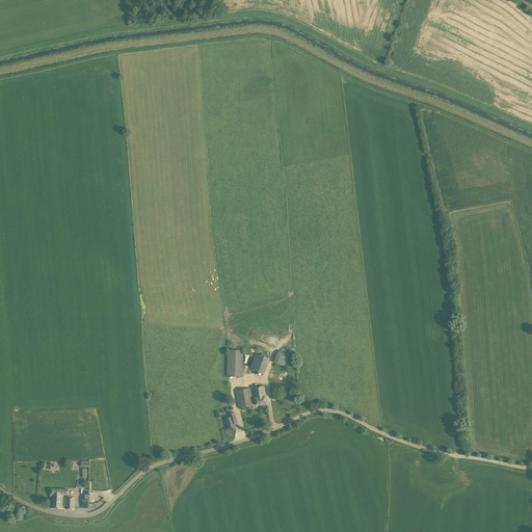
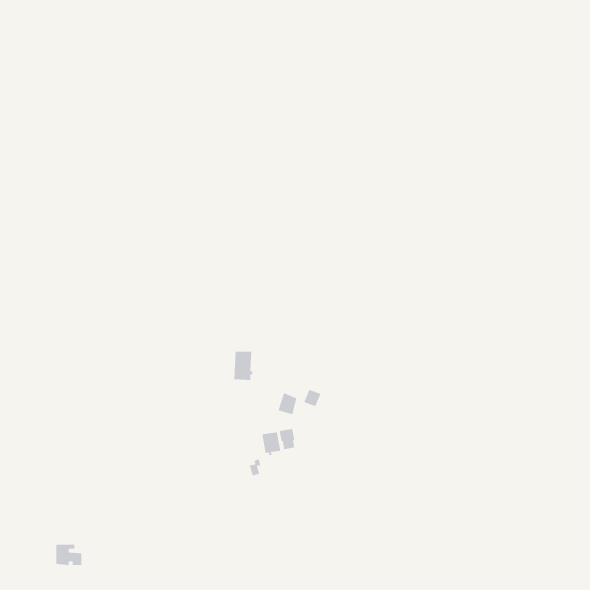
building: [225,349,243,376] -> [234,351,253,381]

